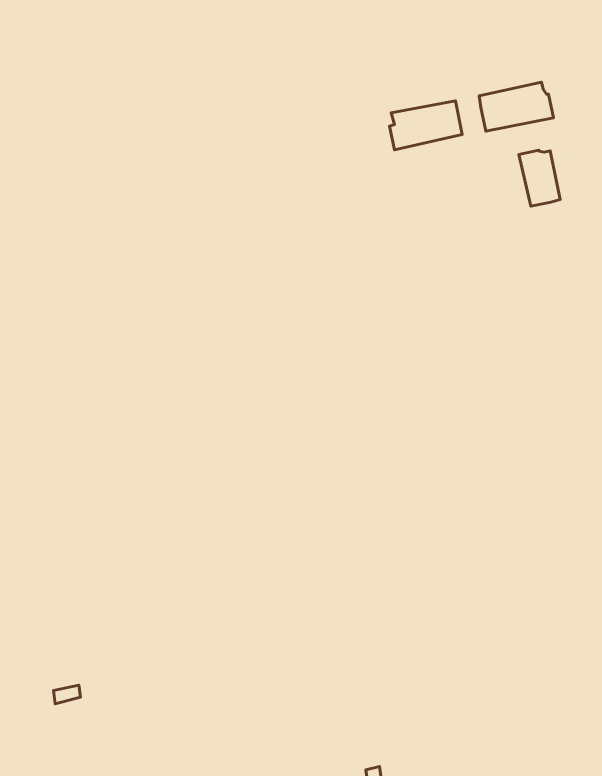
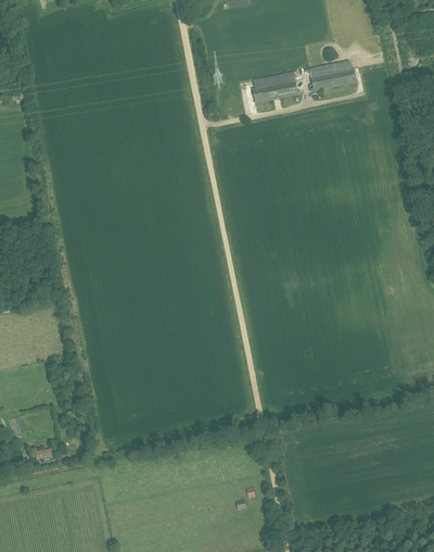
building: [519,150,560,206] -> none

